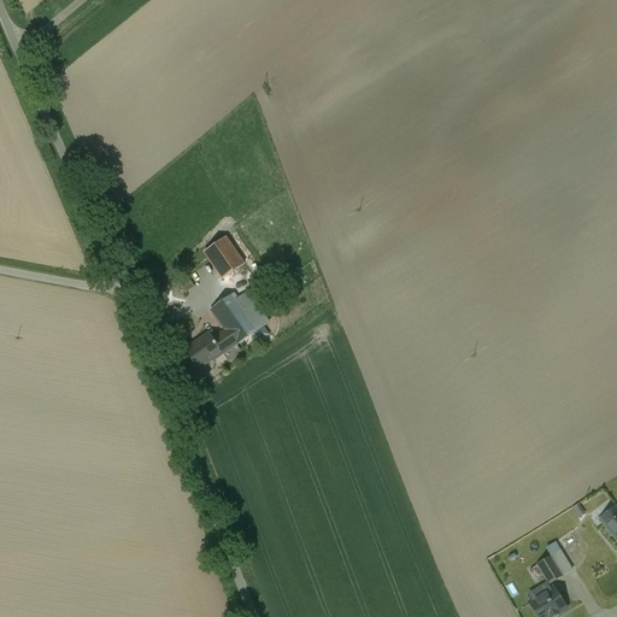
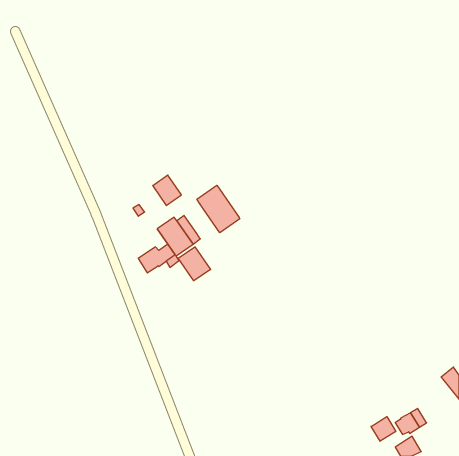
building: none -> [197,185,240,233]
building: none -> [178,247,211,281]
building: none -> [371,417,396,441]

